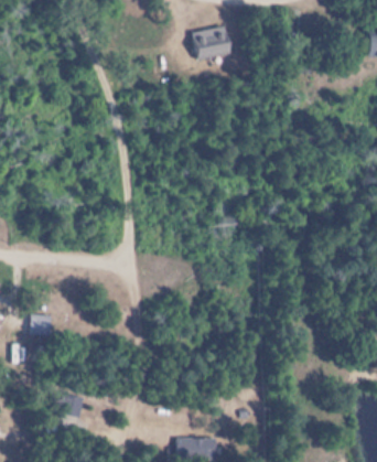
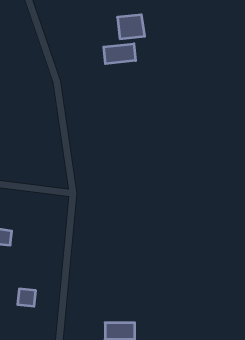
building: none -> [104,44,136,64]

